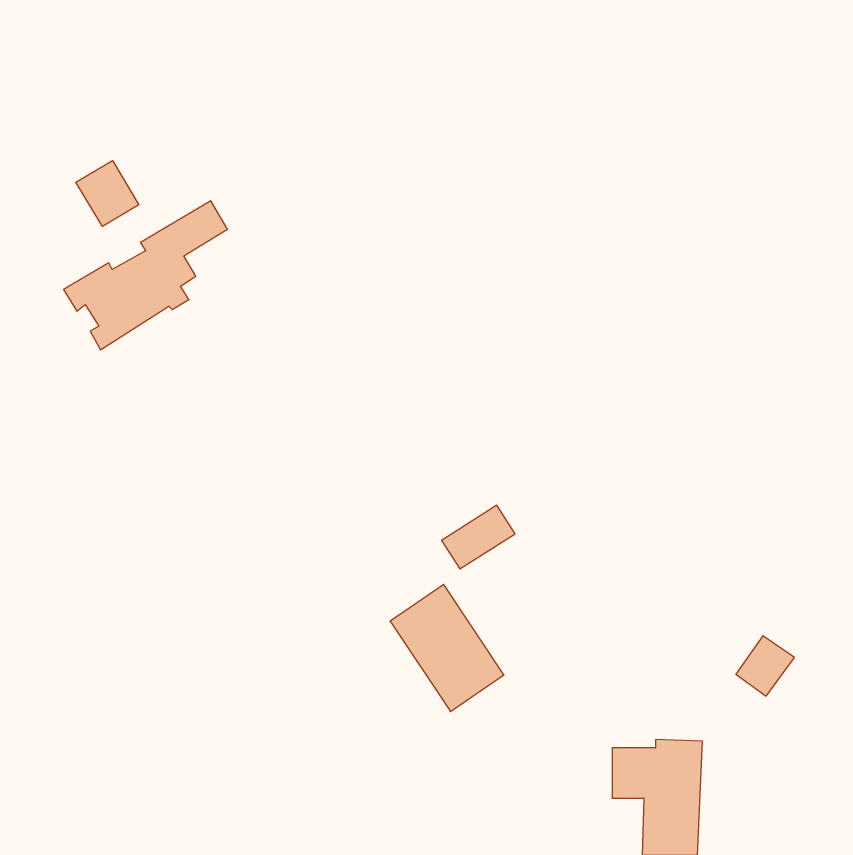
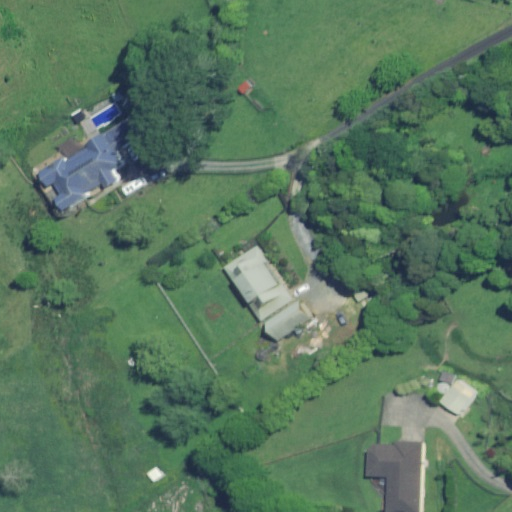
building: [76,161,139,226] -> none
building: [390,584,504,712] -> [223,246,291,322]

